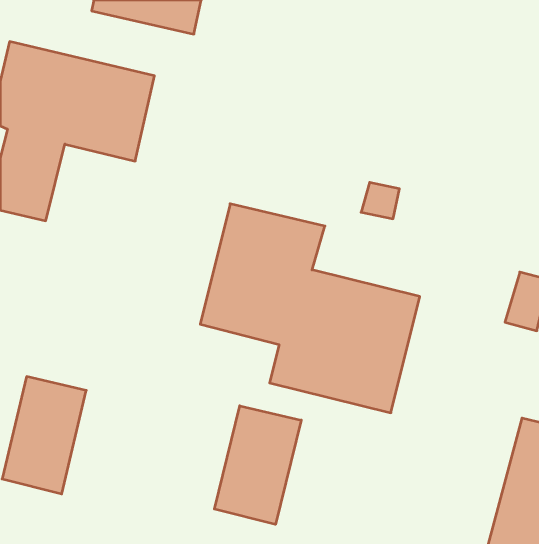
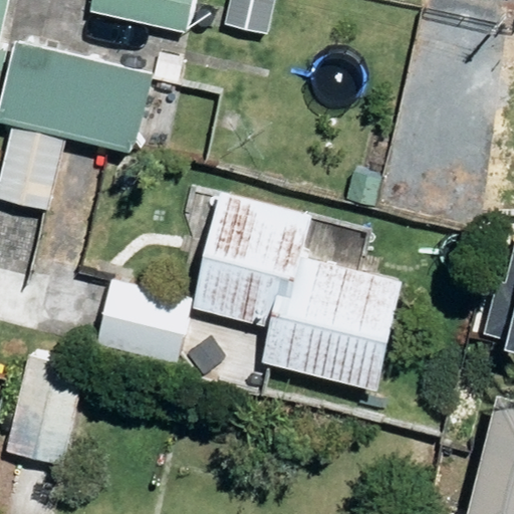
building: none -> [95,278,191,364]
building: [214,406,301,524] -> none

